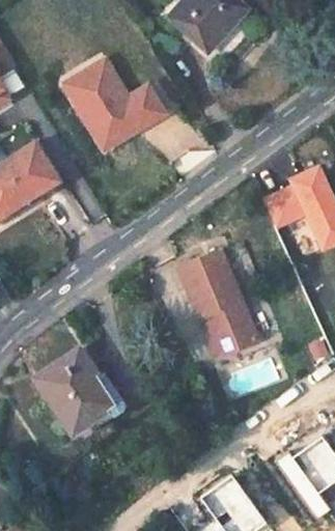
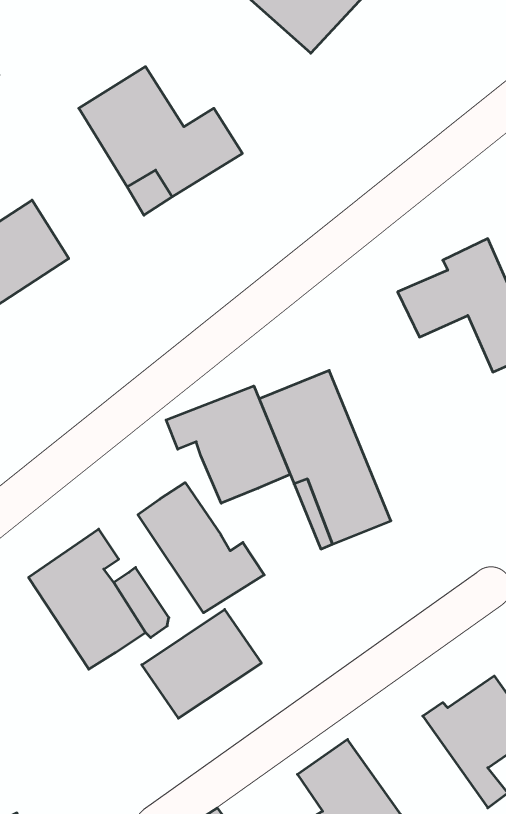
building: none -> [166,386,290,503]
building: none -> [138,483,264,613]
building: none -> [142,609,261,718]

